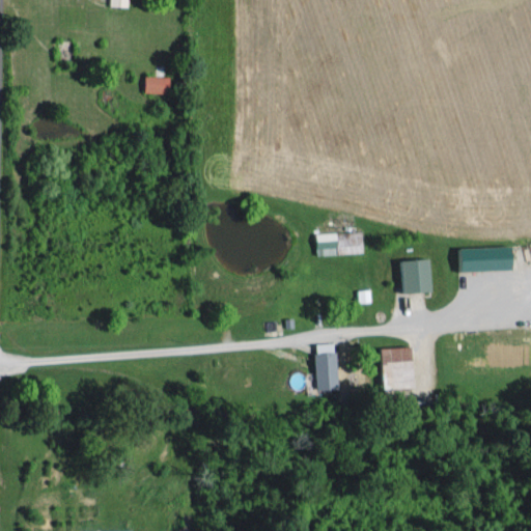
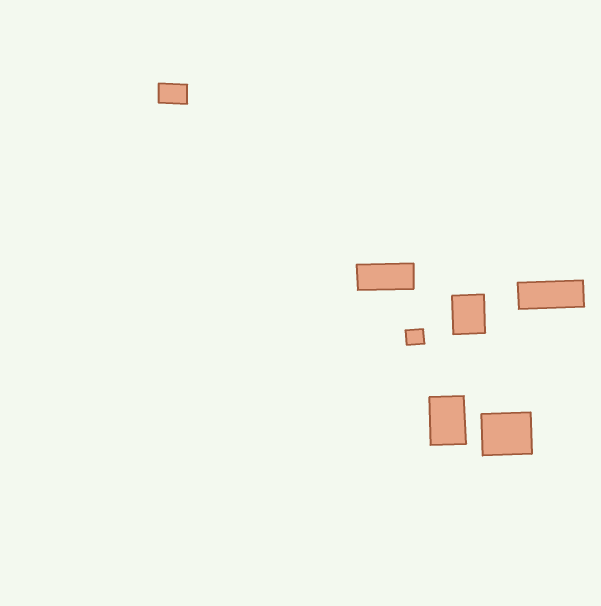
building: [316,343,338,390] -> none
building: none -> [482,412,532,456]

